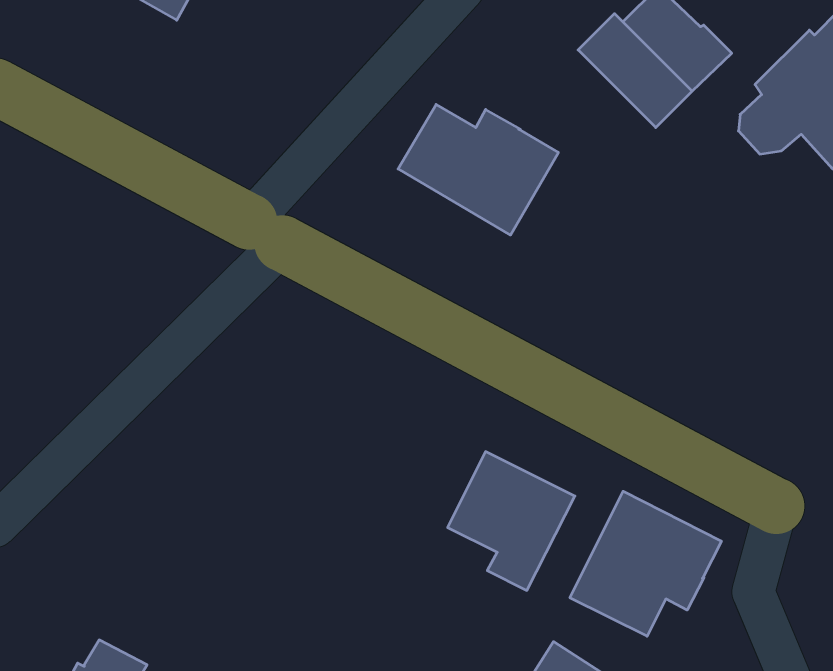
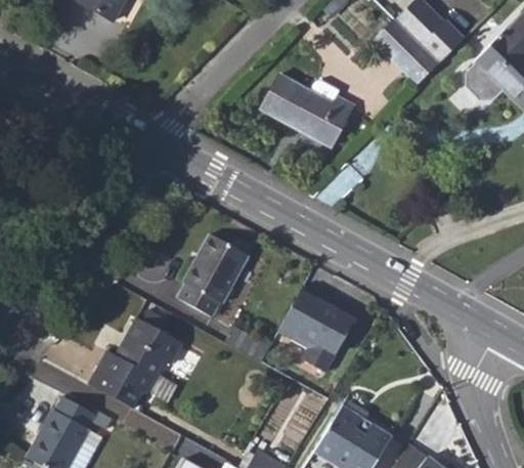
building: none -> [178,235,251,318]
building: [570,491,721,636] -> none
building: none -> [90,322,184,411]

